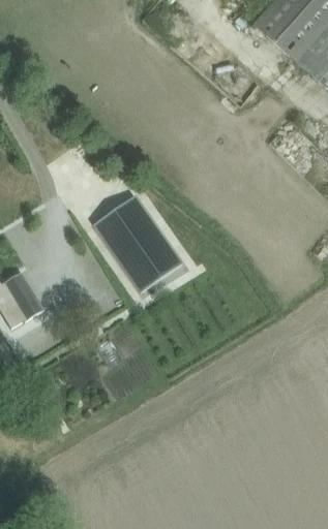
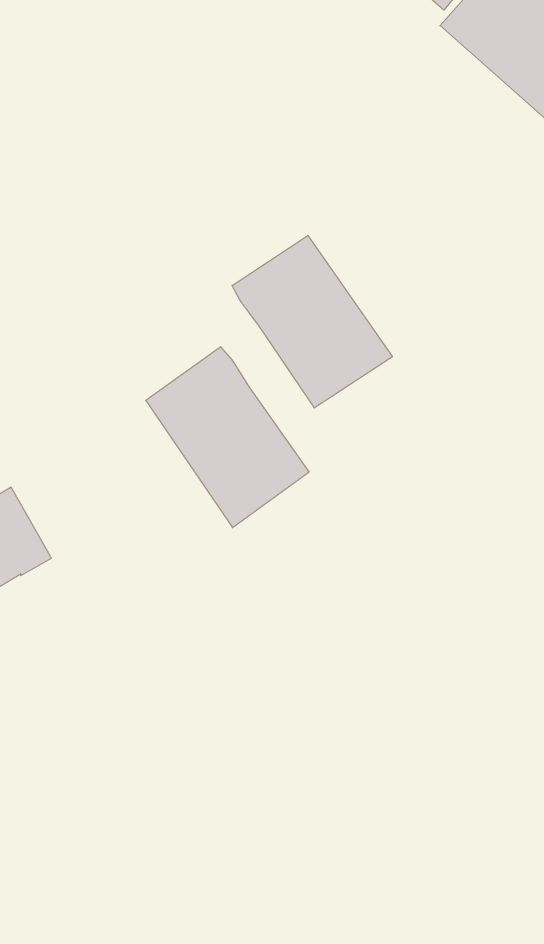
building: none -> [232,235,392,408]

